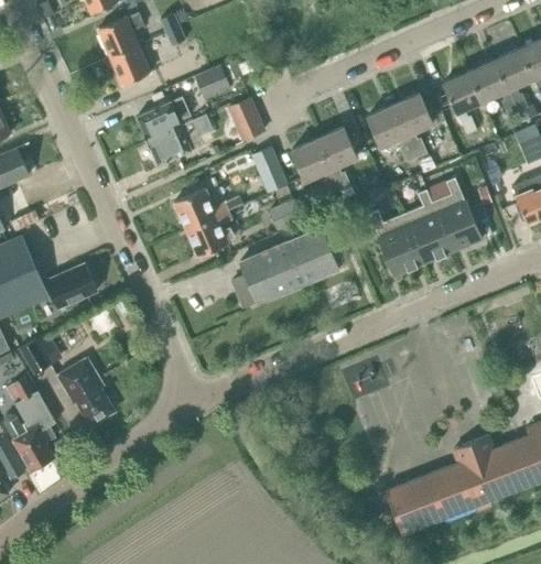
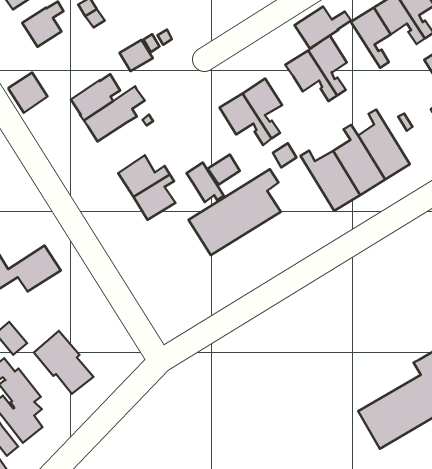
building: [110,44,150,85] -> [8,73,48,113]
building: none -> [295,6,351,49]
building: [228,98,264,140] -> none
building: [251,144,286,186] -> [187,162,224,202]

